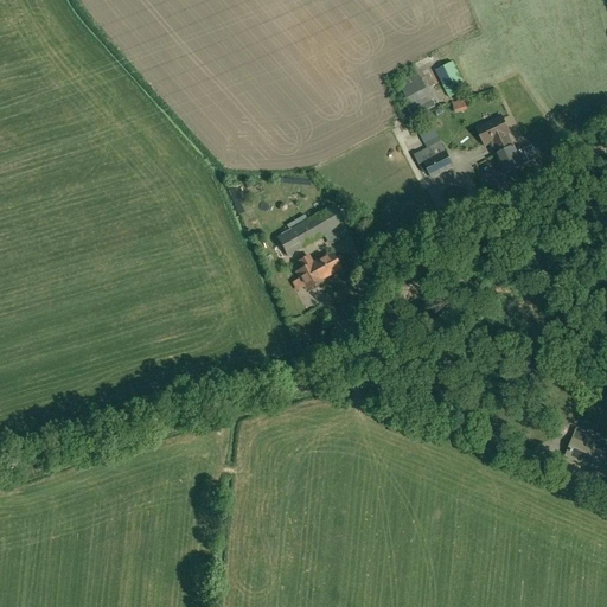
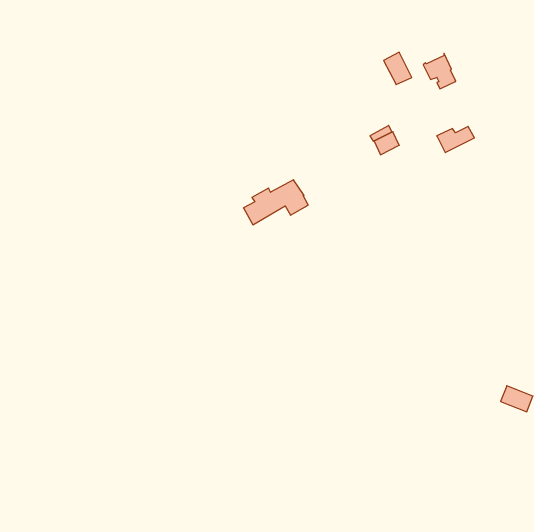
building: [400,71,433,109] -> none
building: [477,114,513,154] -> [423,53,456,89]
building: [296,250,340,288] -> none

